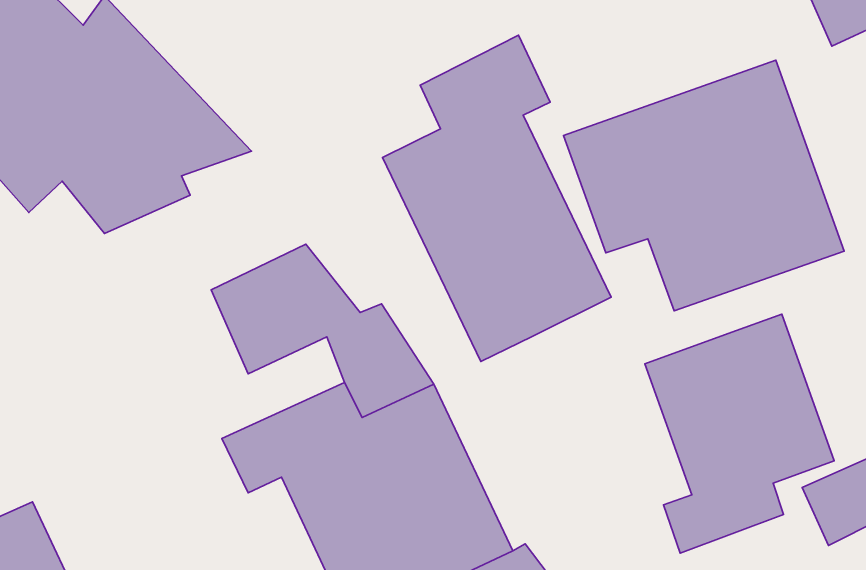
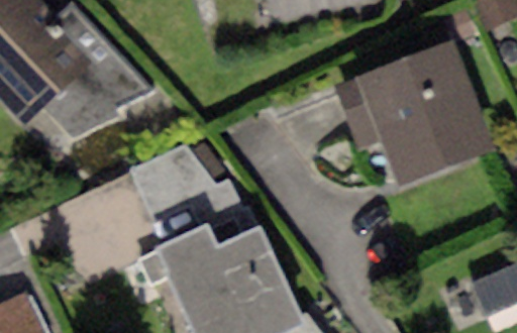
building: [383,35,611,361] -> none
building: [645,314,834,553] -> none

